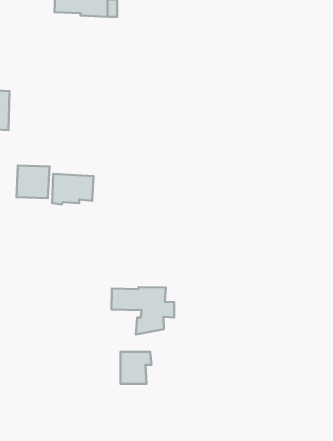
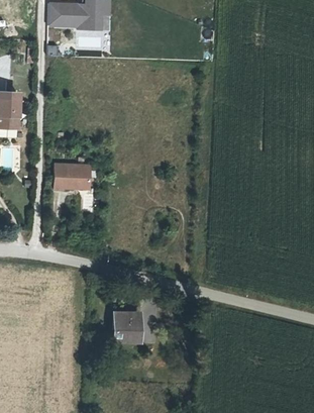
building: [16,165,50,198] -> none
building: [112,287,174,334] -> none

